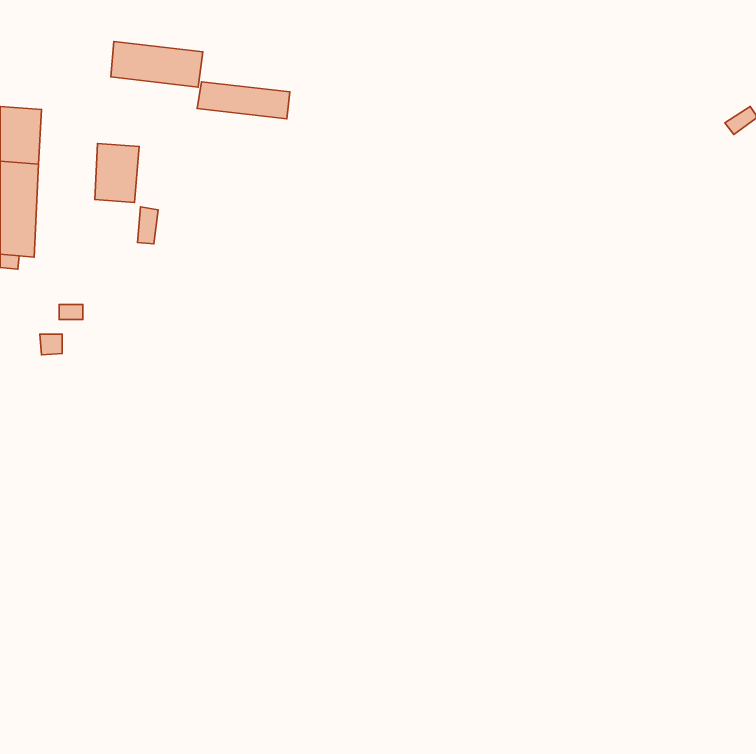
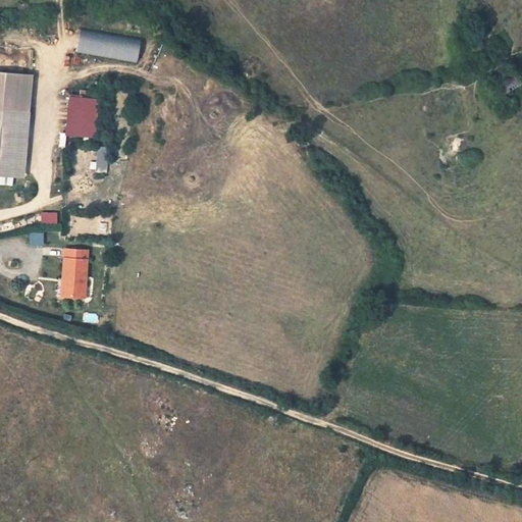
building: [197,82,290,119] -> none
building: none -> [66,248,93,298]

